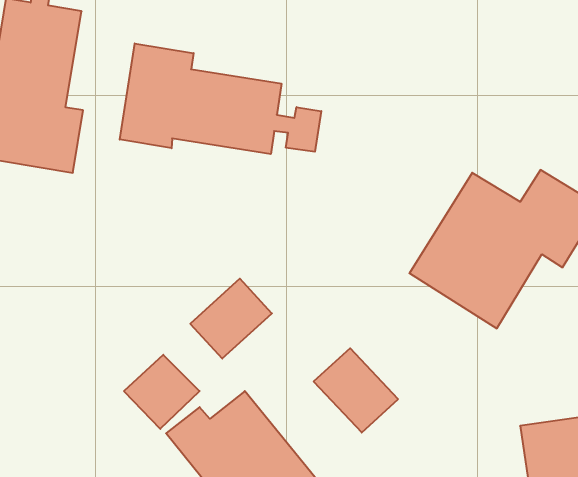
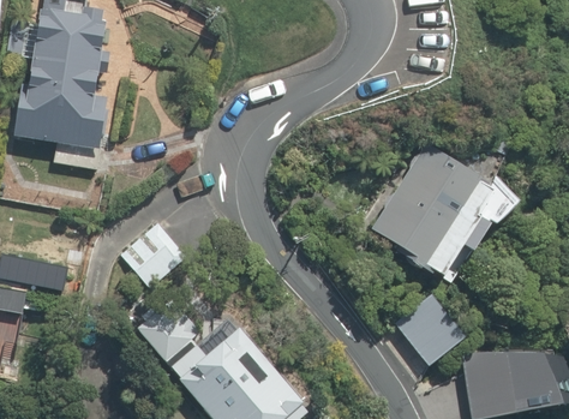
building: [120,43,321,154] -> none
building: [190,279,272,359] -> [118,221,185,287]
building: [314,348,398,433] -> [390,293,460,363]

